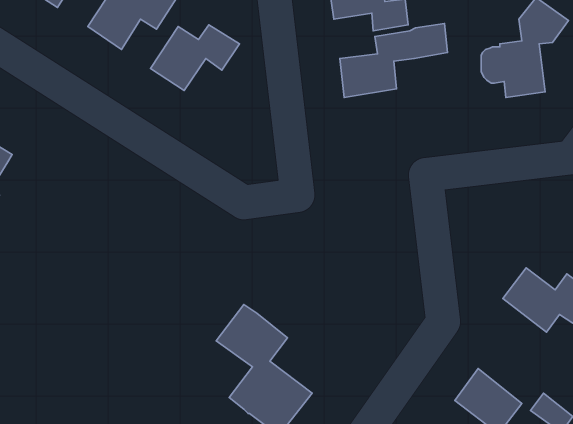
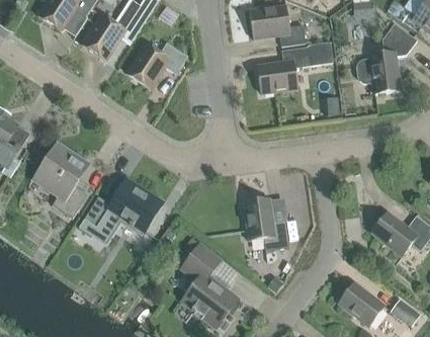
building: none -> [31,142,88,218]
building: none -> [78,178,164,241]
building: none -> [244,198,289,250]

